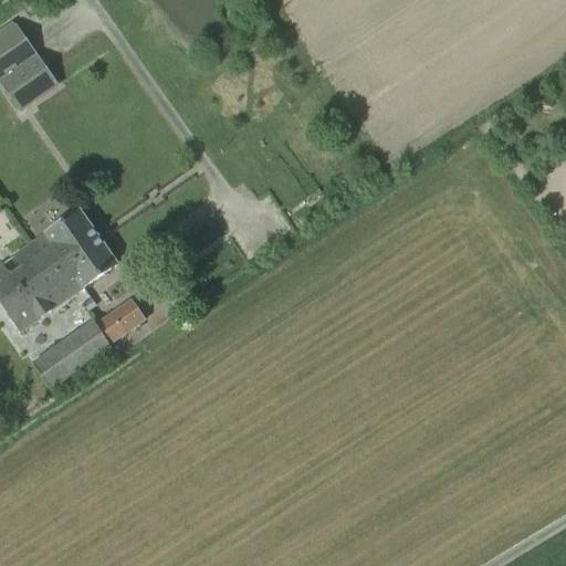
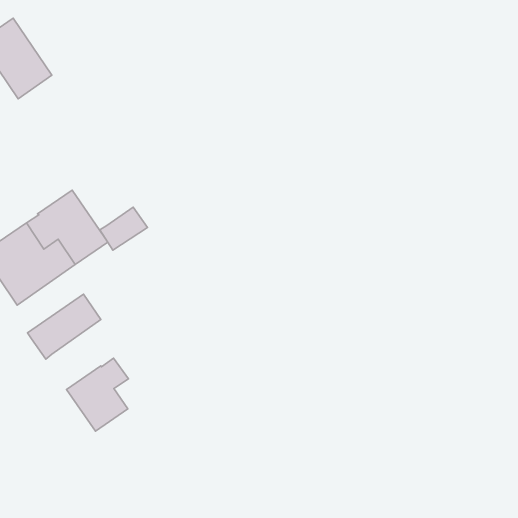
building: [93,297,145,344] -> [100,207,148,250]
building: none -> [67,358,128,431]

